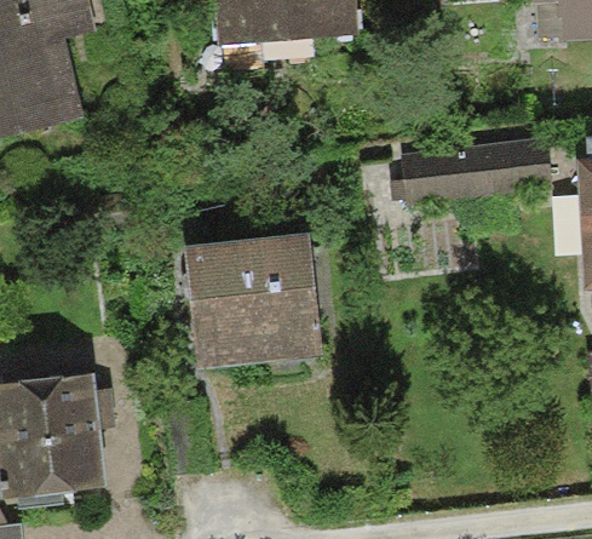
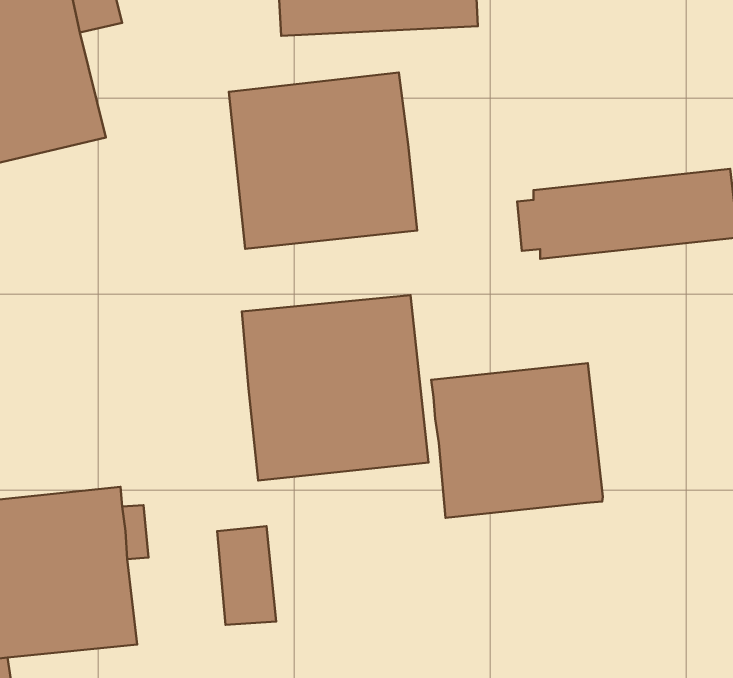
building: none -> [229,73,417,249]
building: none -> [431,363,603,518]

